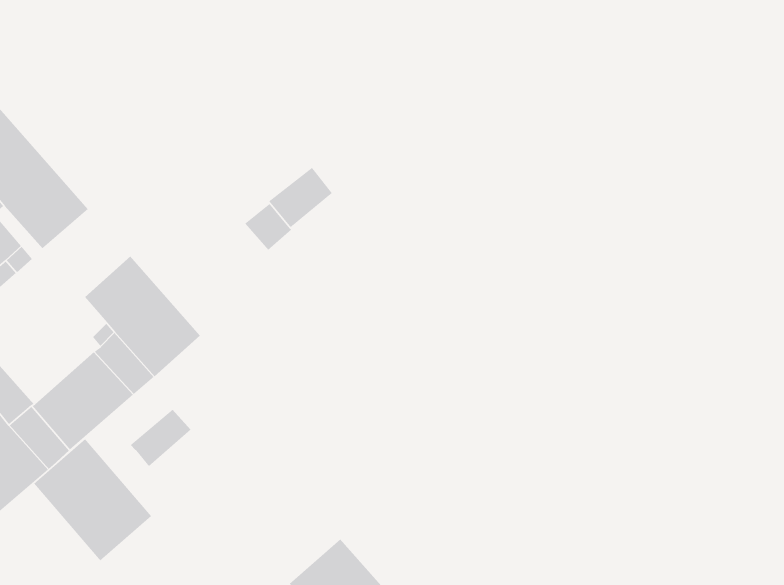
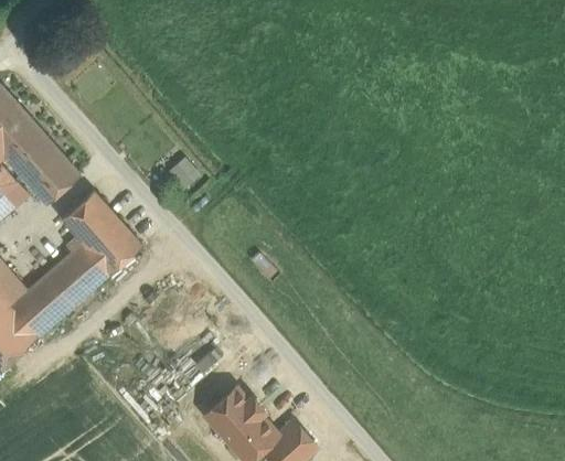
building: [268,167,333,228] -> none
building: none -> [33,159,79,204]
building: [130,409,192,467] -> none
building: [33,438,152,561] -> none

